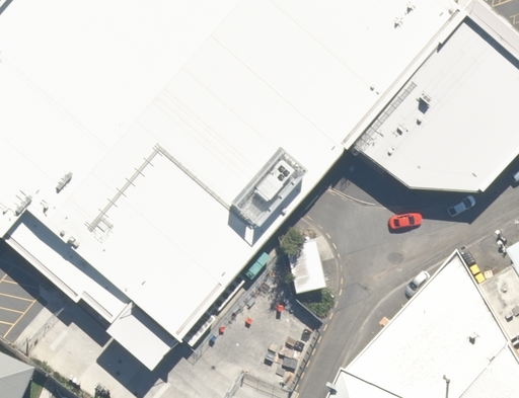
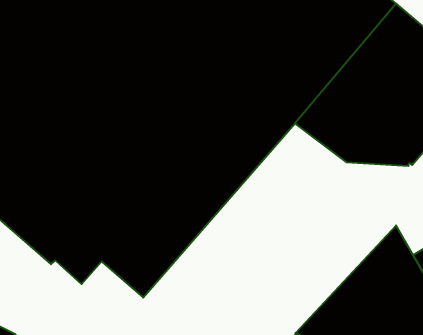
building: [102,296,176,366] -> none

